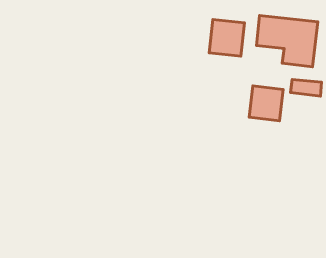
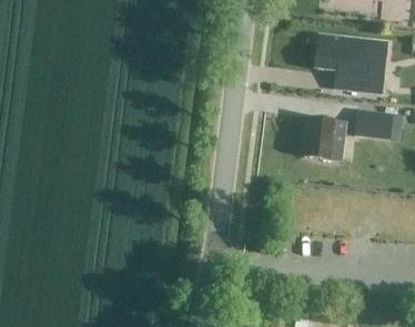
building: [209,19,245,56] -> none

